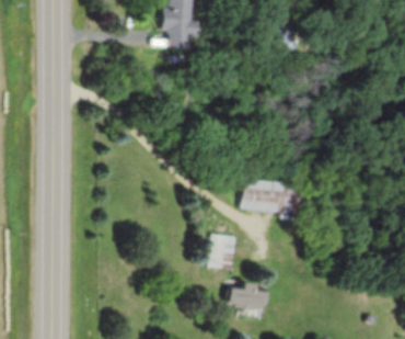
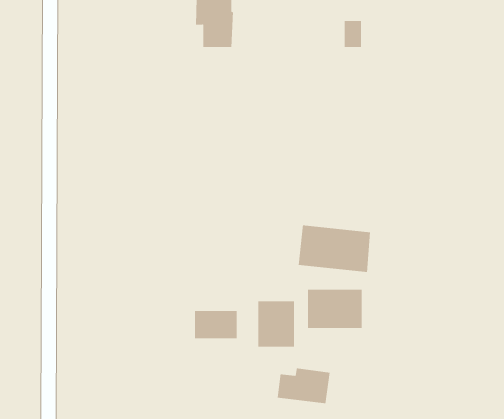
building: none -> [308,289,362,329]
building: none -> [194,310,237,339]

